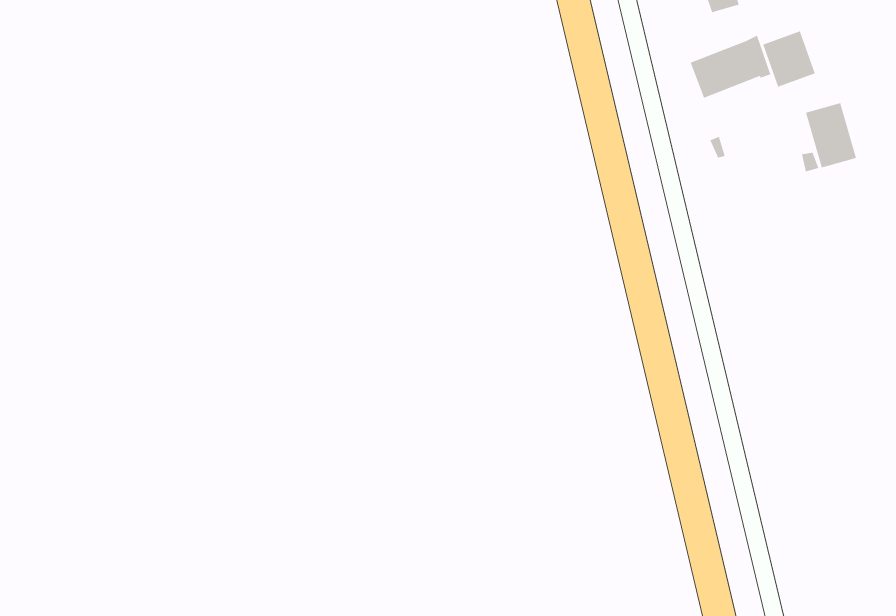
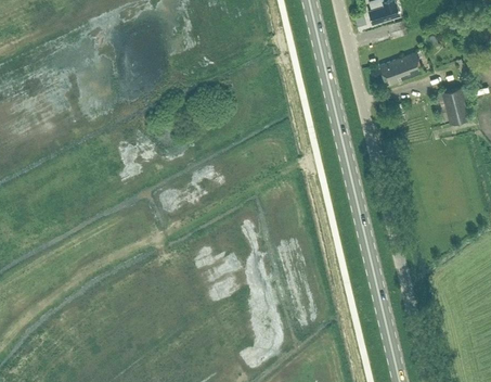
building: [762,30,815,87] -> none

